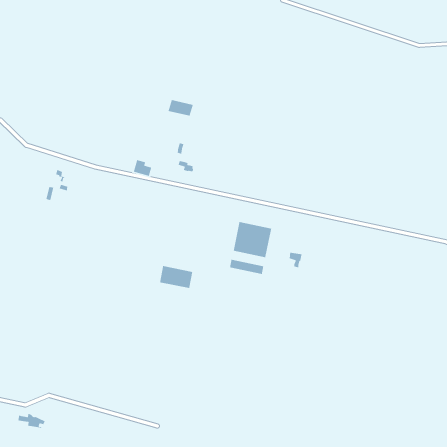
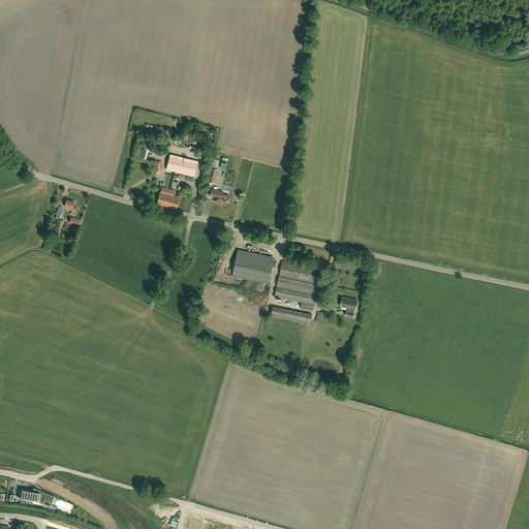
building: [168,99,194,117] -> [167,155,198,176]
building: [159,265,193,289] -> [232,255,273,283]

